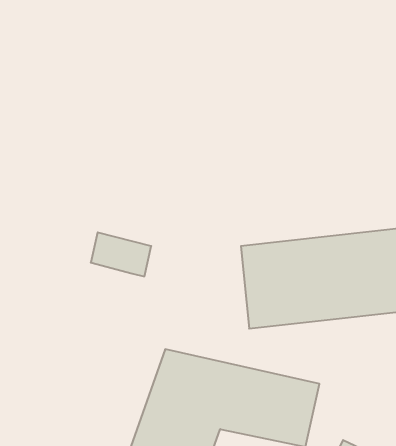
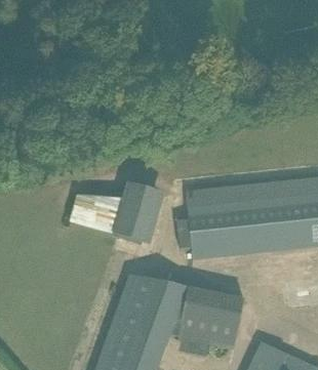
building: none -> [110,177,163,242]

